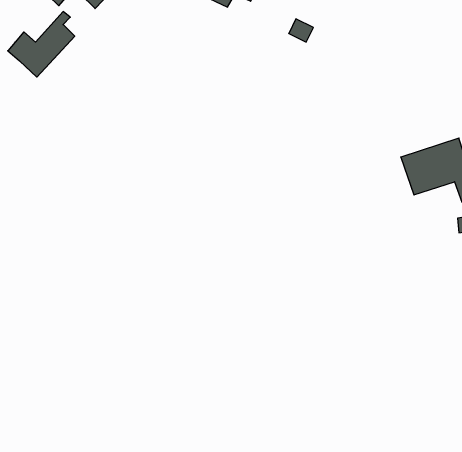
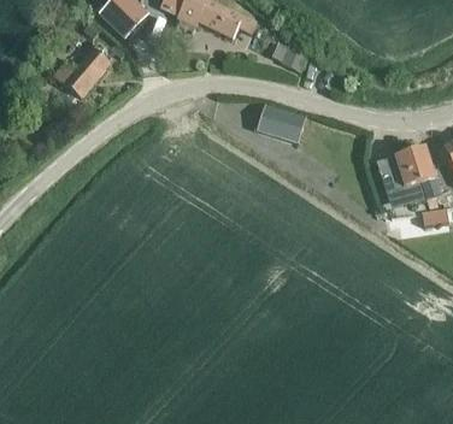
building: none -> [257,104,307,142]

